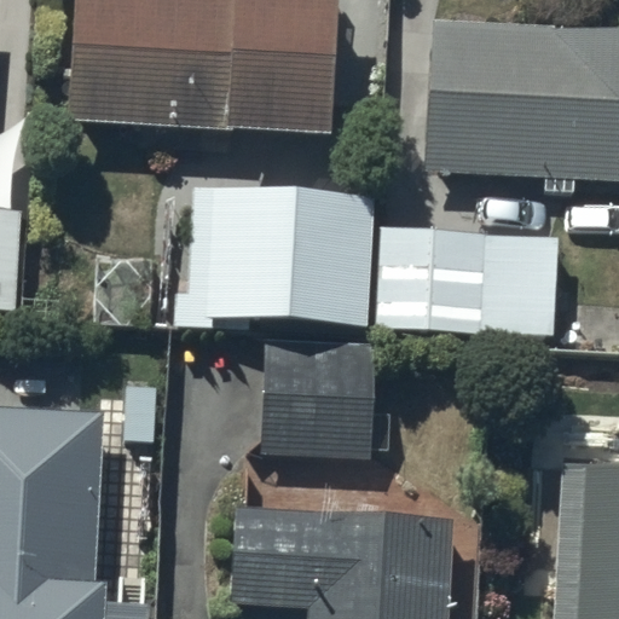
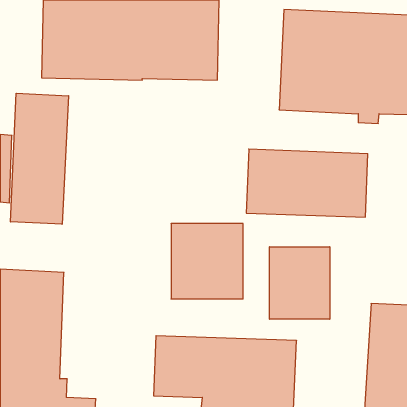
building: none -> [11,93,69,224]
building: [173,185,375,325] -> none
building: none -> [270,247,330,319]

